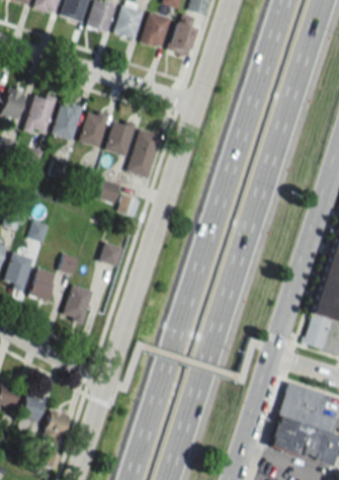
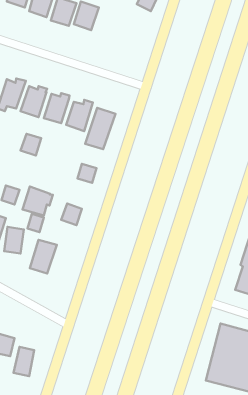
building: [142,13,172,47] -> none
building: [168,23,198,57] -> none
building: [98,179,122,205] -> [20,134,41,156]
building: none -> [23,187,53,216]

